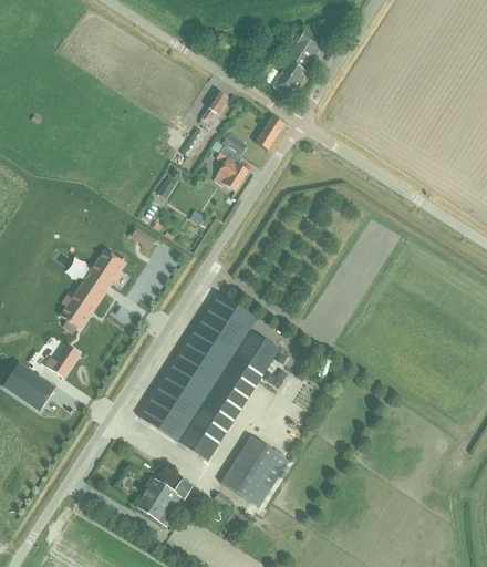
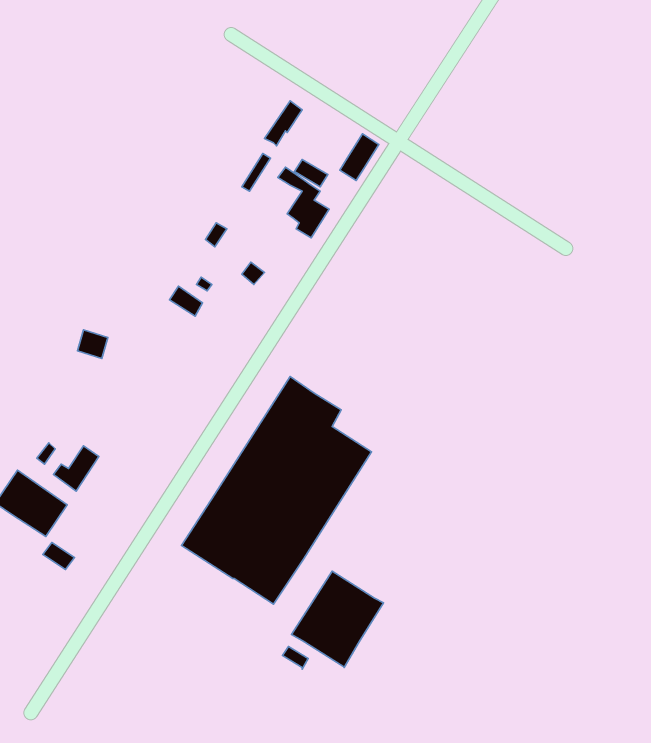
building: [273,24,324,94] -> none
building: [60,248,124,328] -> none
building: [136,476,193,525] -> none

